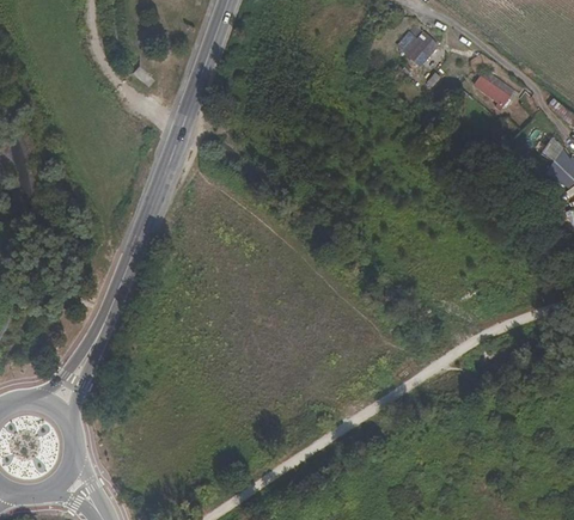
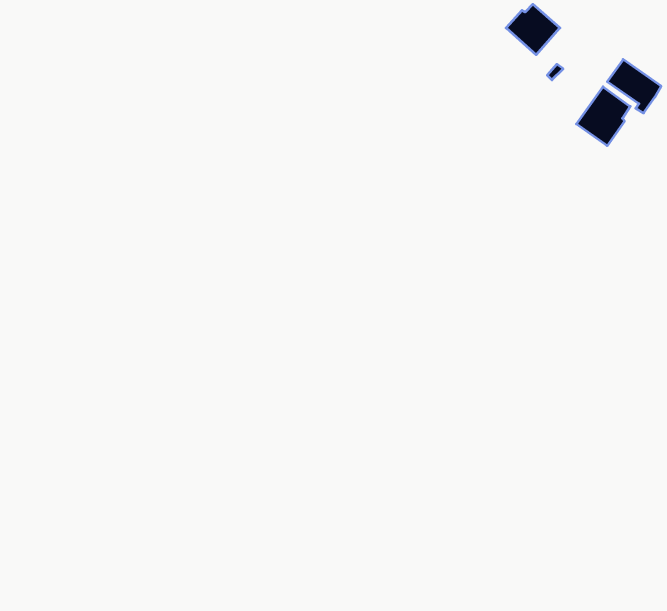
building: none -> [576,87,630,146]

